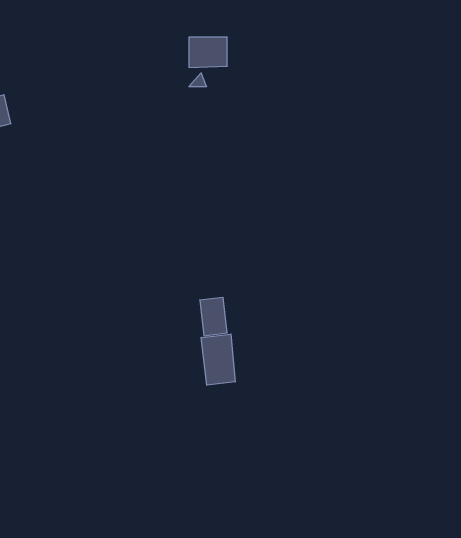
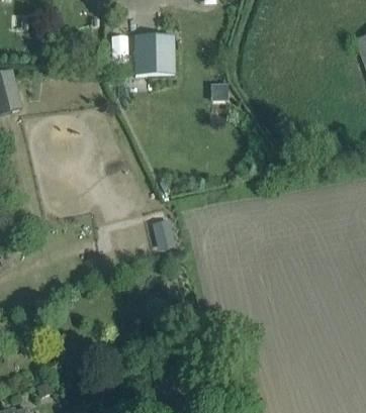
building: [201,334,235,385] -> none

